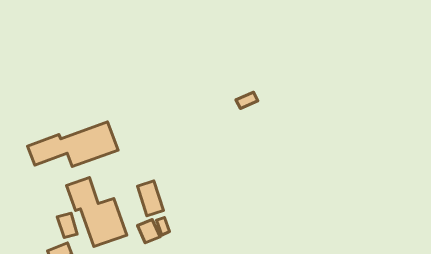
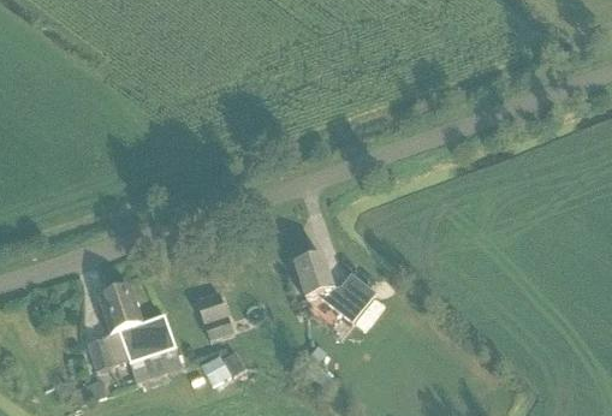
building: [27,122,118,166] -> none
building: none -> [295,254,375,321]

